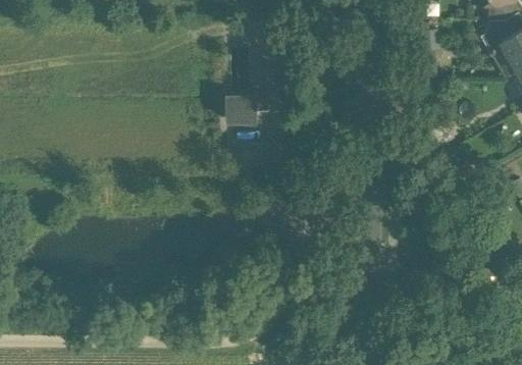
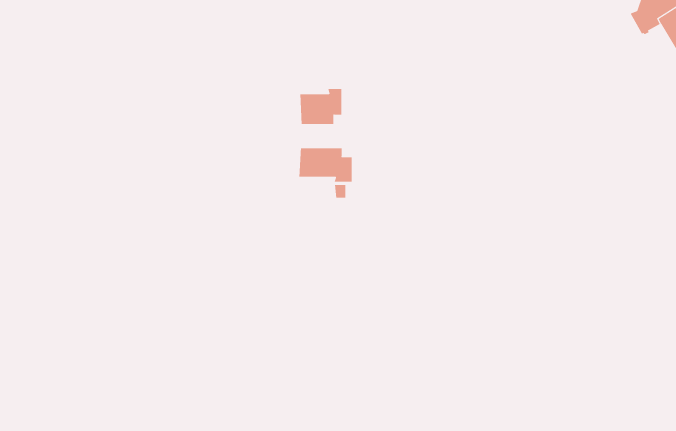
building: none -> [299,147,352,183]

